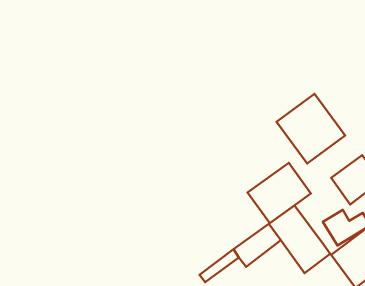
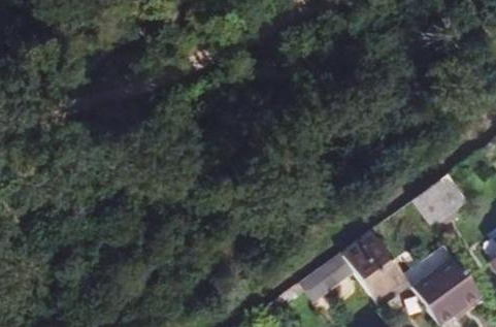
building: [277,94,345,164] -> none
building: [248,163,311,223] -> none

